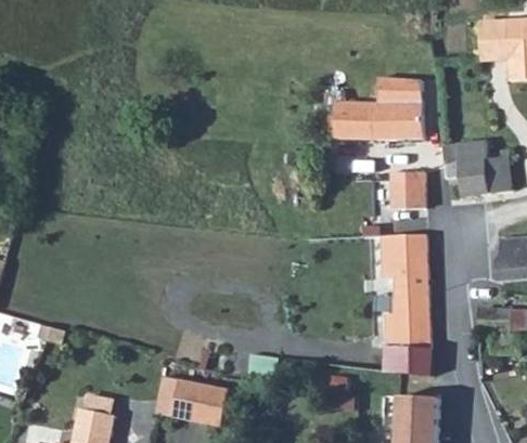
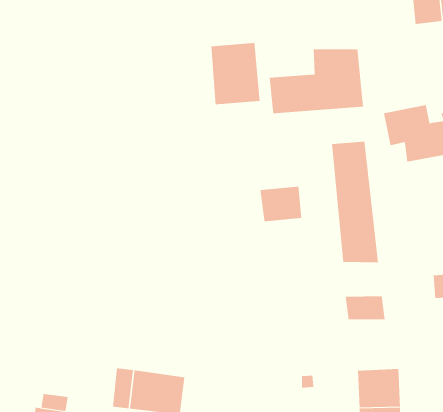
building: none -> [211,42,260,105]
building: none -> [260,186,302,222]
building: [390,288,427,324] -> none
building: [383,344,430,375] -> none

